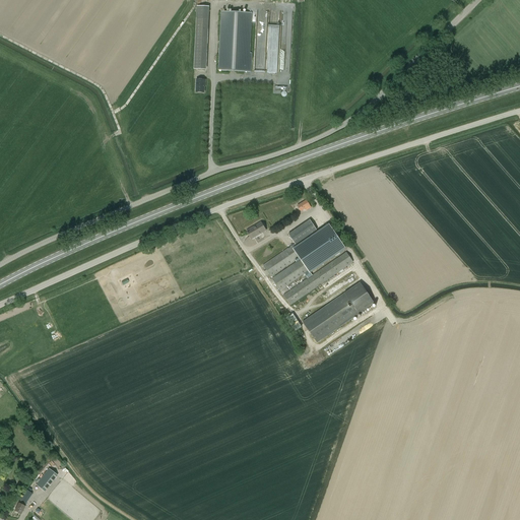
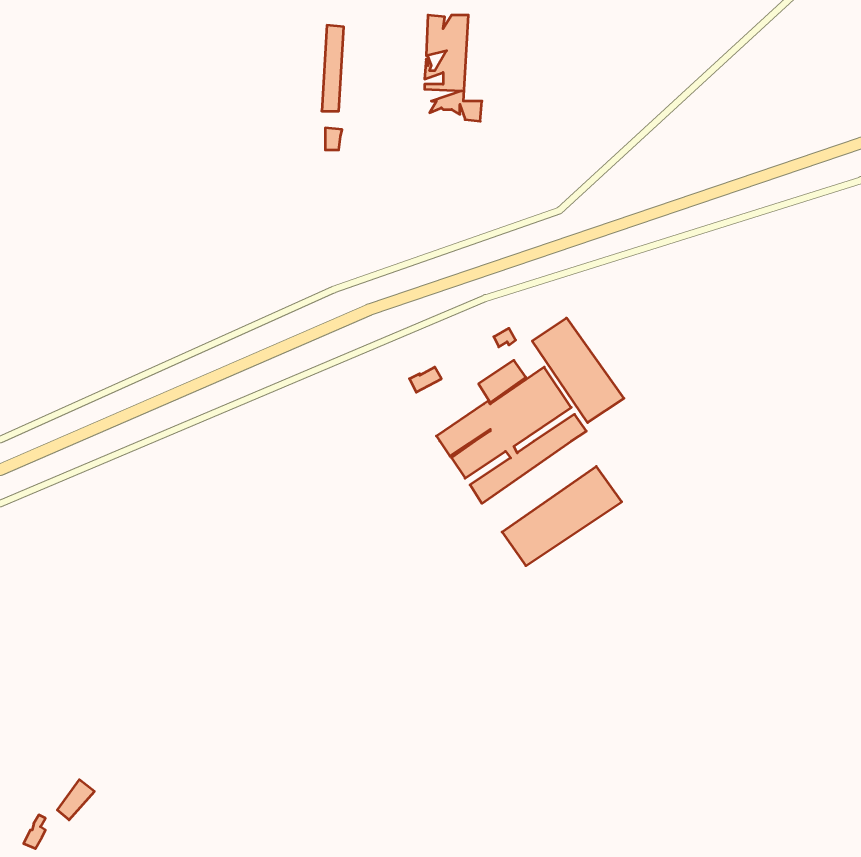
building: [219,9,252,69] -> none
building: none -> [532,318,624,423]

